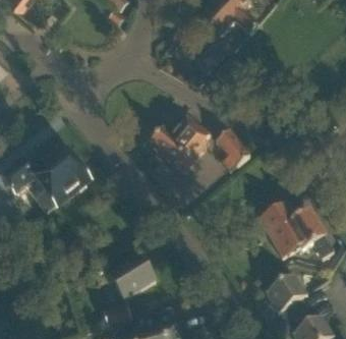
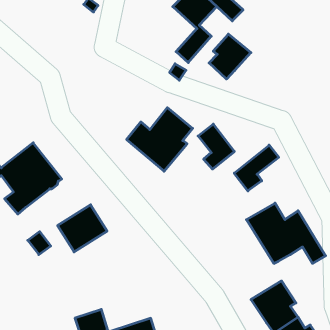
building: none -> [209,34,251,79]
building: none -> [234,145,279,191]
building: [110,255,156,298] -> [58,205,107,252]

